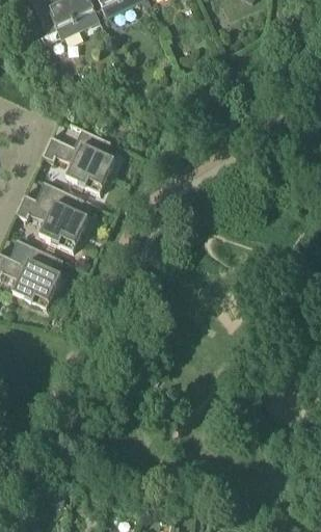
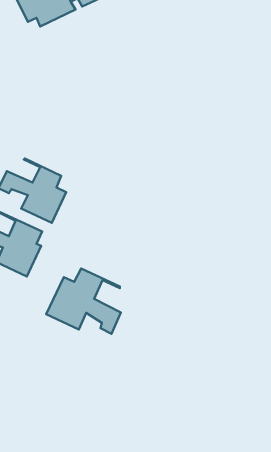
building: [42,124,114,192] -> none
building: none -> [46,268,121,334]

